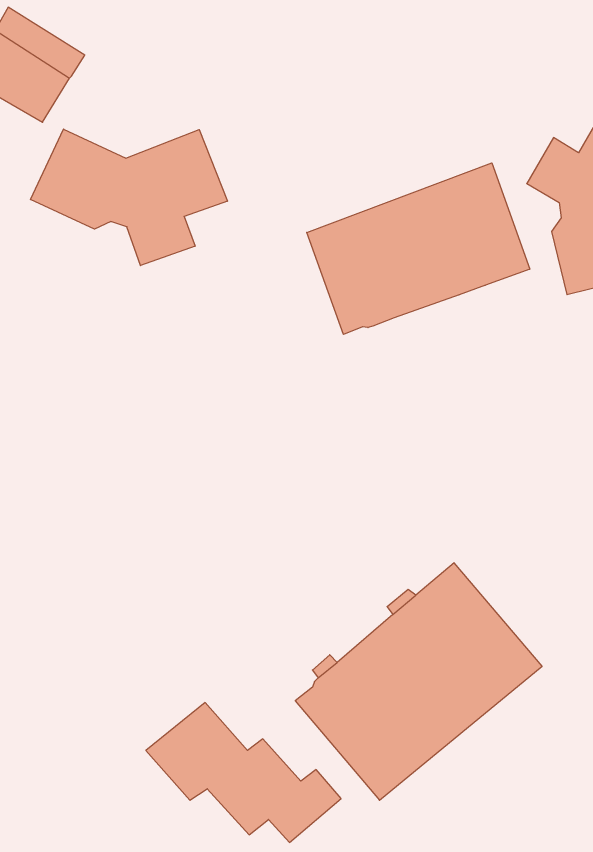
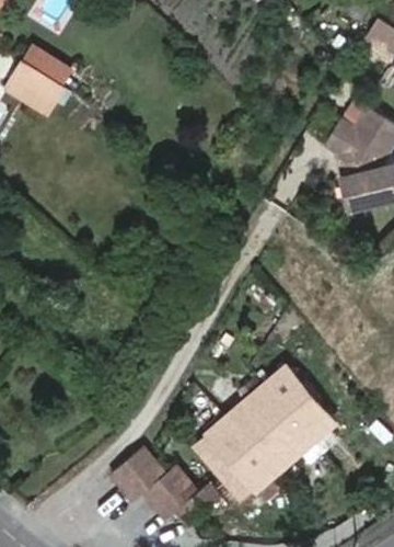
building: [31,129,227,266] -> none
building: [307,163,530,334] -> none

